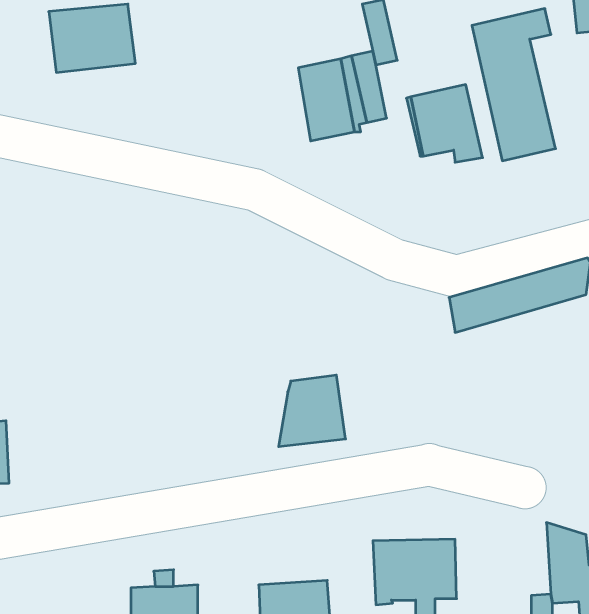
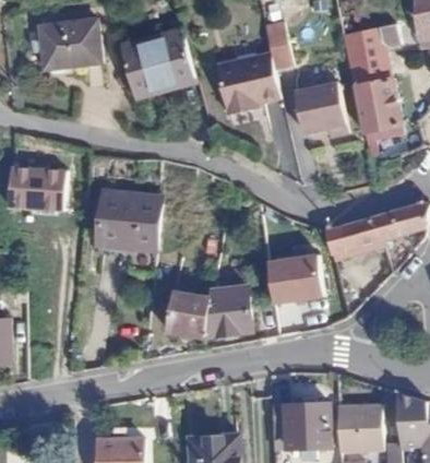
building: none -> [119,27,194,96]
building: none -> [9,166,67,209]
building: none -> [97,199,158,254]
building: none -> [266,257,322,301]
building: none -> [167,292,210,337]
building: none -> [336,403,381,450]

